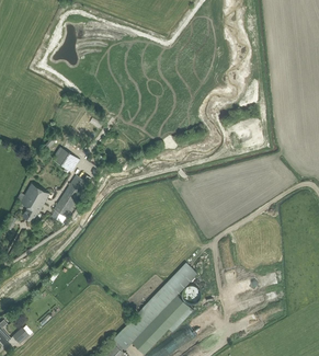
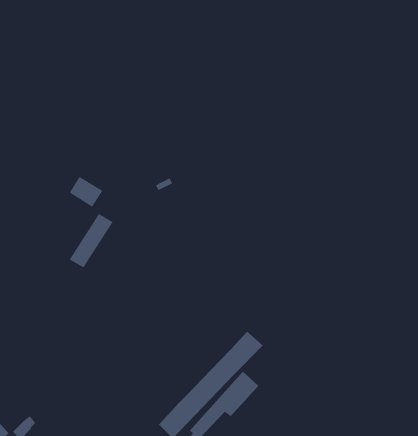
building: [20,183,49,221] -> none

